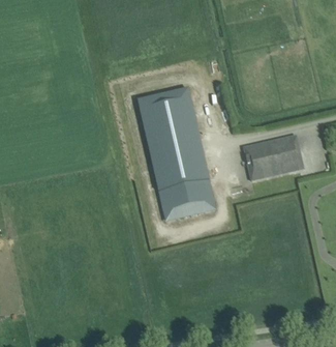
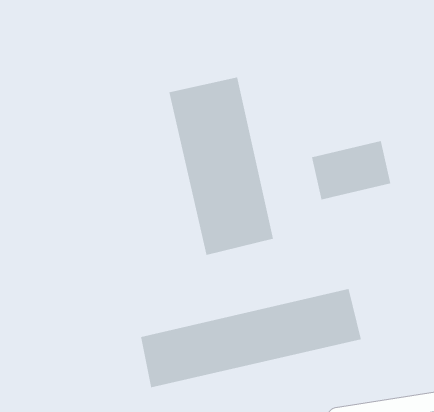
building: none -> [141,288,361,388]

